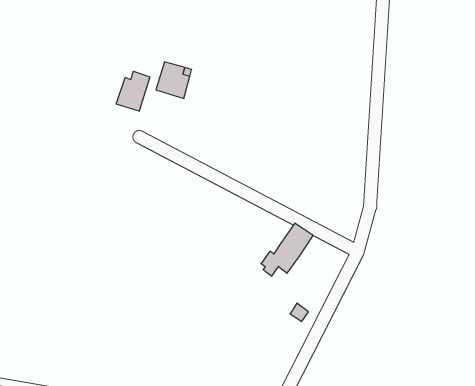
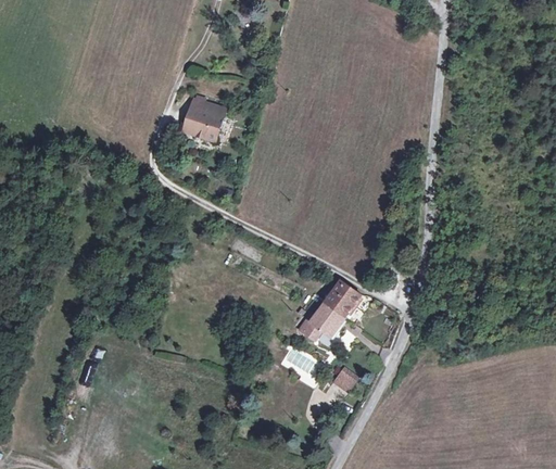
building: [116,71,150,111] -> none

